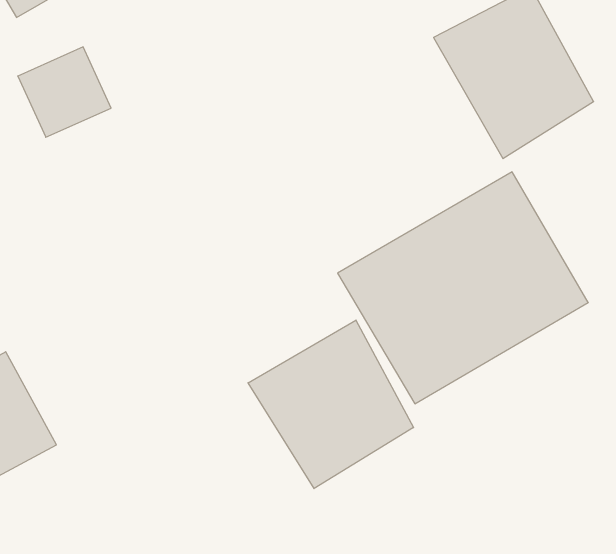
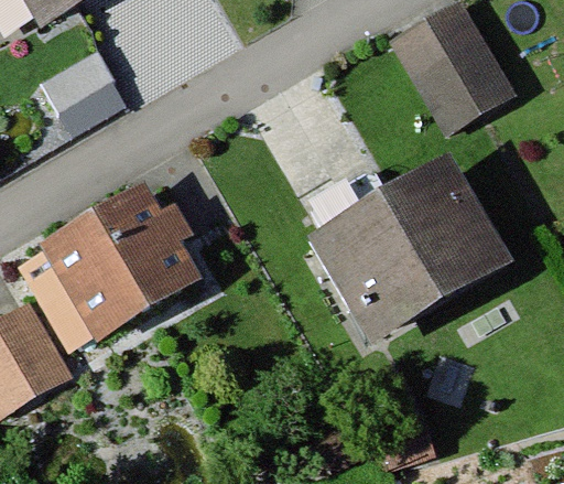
building: none -> [39,178,200,338]
building: [248,320,414,489] -> none

